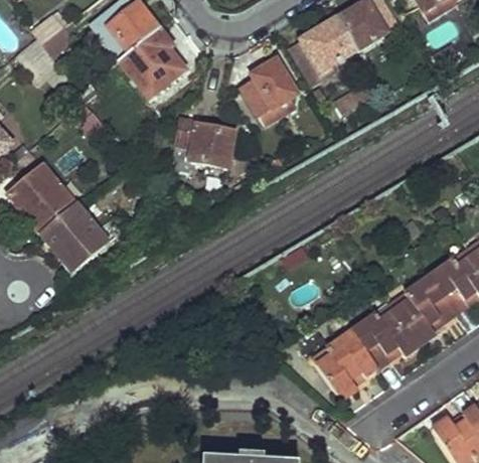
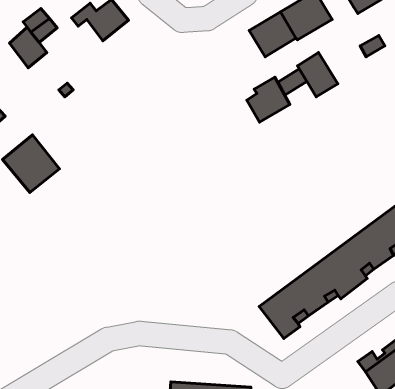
building: [117,25,184,96] -> none
building: [243,57,294,111] -> [247,77,290,122]
building: none -> [297,53,338,97]
building: [171,117,232,170] -> none
building: [40,201,122,268] -> none

